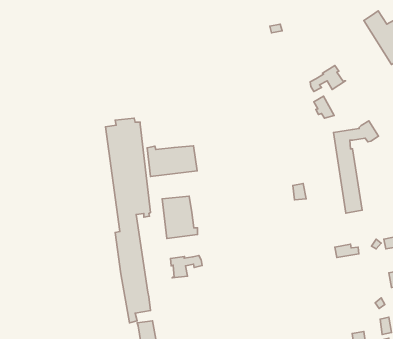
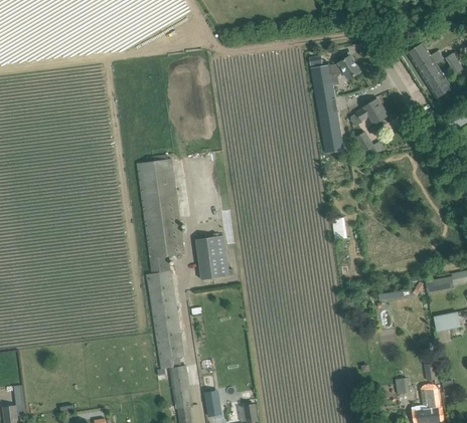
building: [333,121,378,213] -> [312,56,359,153]
building: [147,146,197,176] -> none
building: [170,255,202,278] -> none

